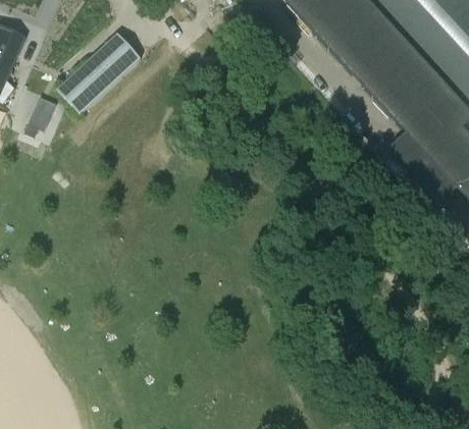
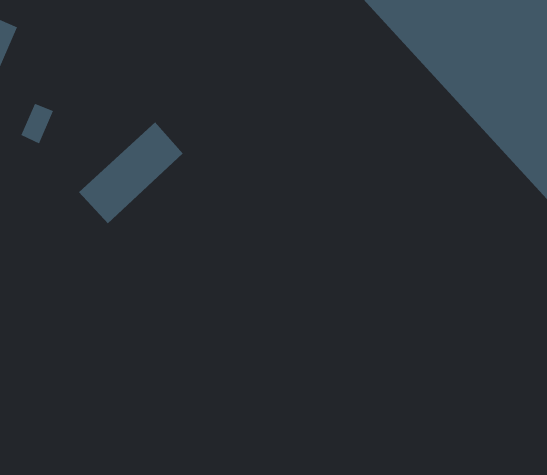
building: [56,31,140,112] -> [78,121,184,224]

